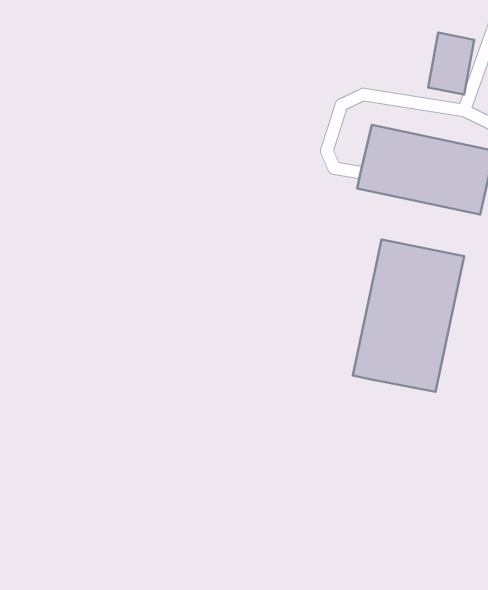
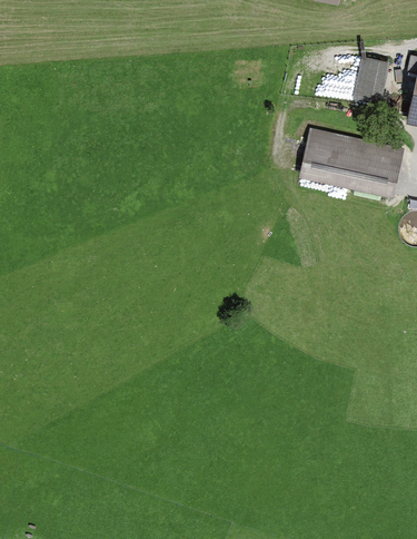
building: [353,240,464,392] -> none

